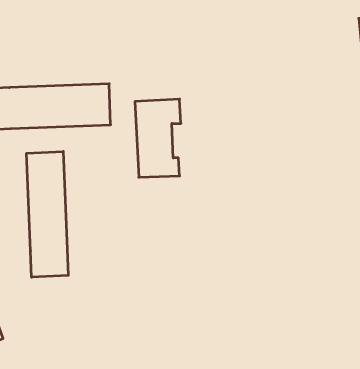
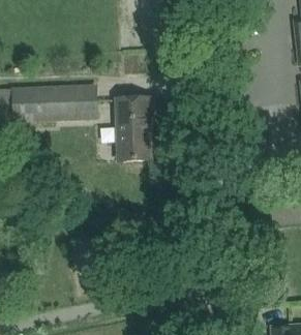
building: [27,151,68,277] -> none

